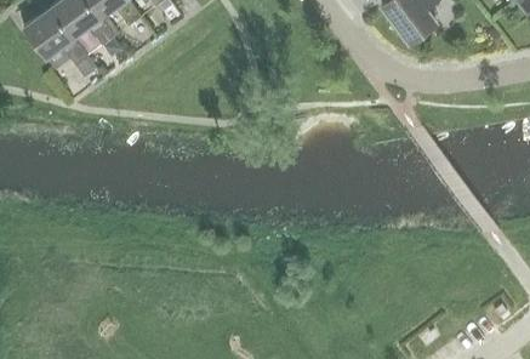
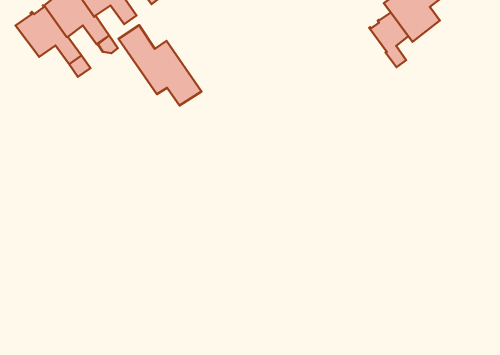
building: none -> [369,12,409,67]
building: none -> [118,25,201,106]

